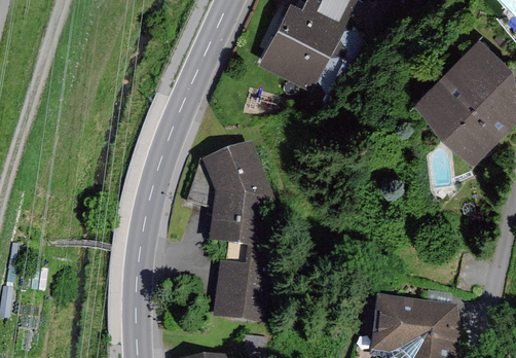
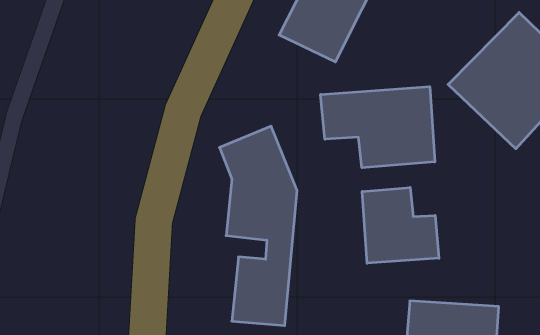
building: none -> [321,87,435,168]
building: none -> [362,187,439,263]

